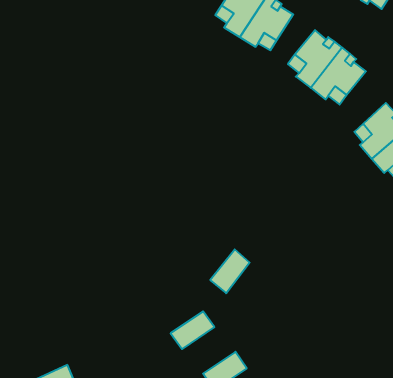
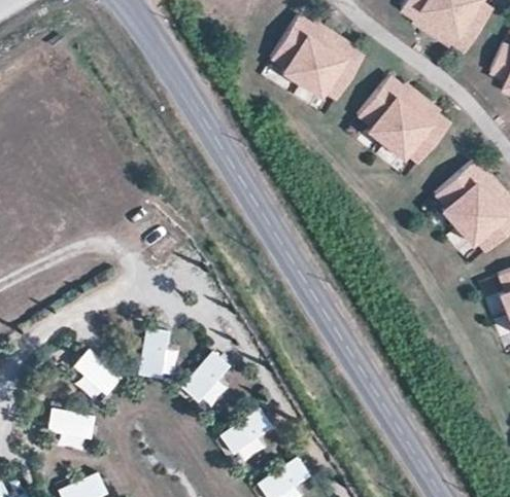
building: none -> [137,325,168,375]
building: [210,249,250,293] -> [181,350,228,401]
building: none -> [72,347,123,394]
building: none -> [44,406,94,438]

